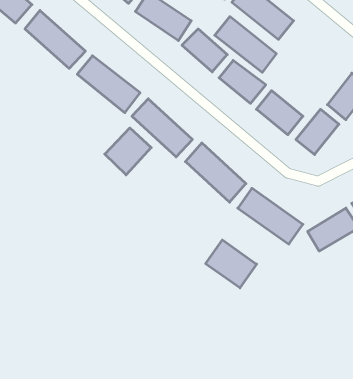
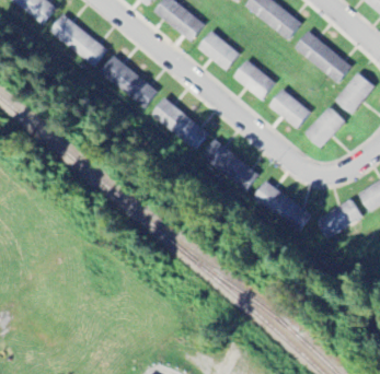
building: [215,17,276,72] -> [293,30,352,82]
building: [105,128,151,175] -> none
building: [206,240,257,288] -> none

